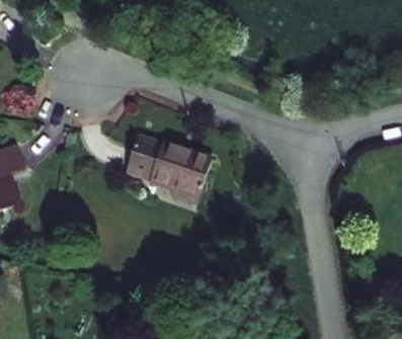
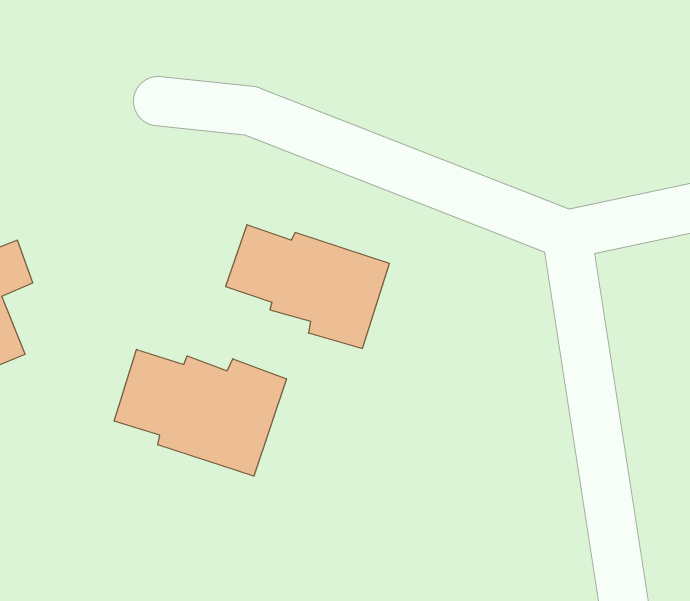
building: none -> [114,349,286,476]

